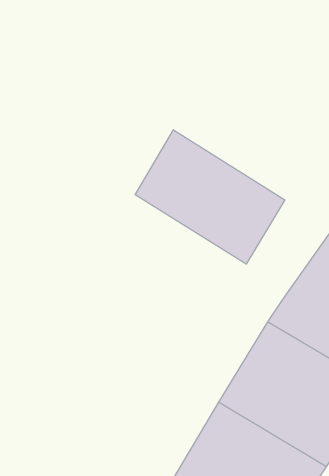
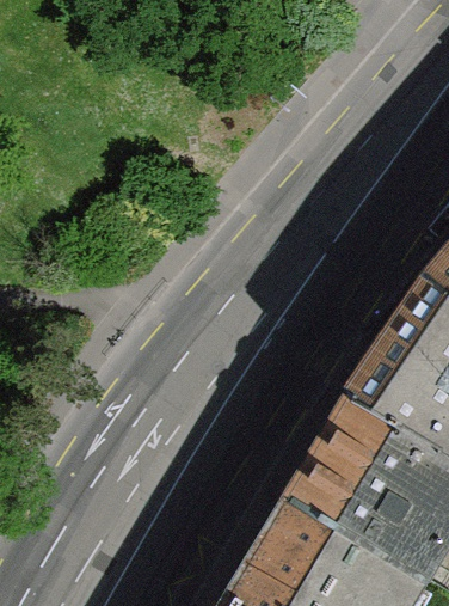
building: [135,130,285,264] -> none

